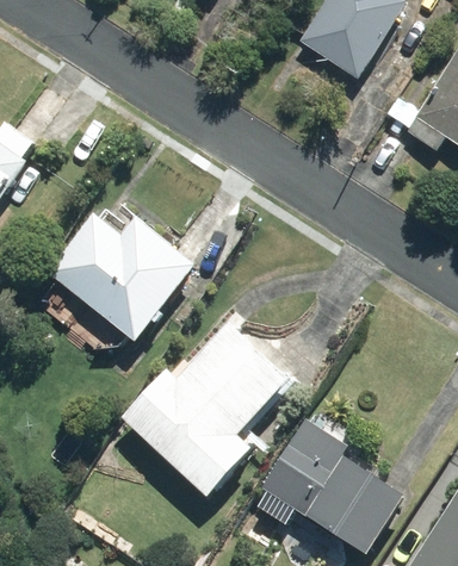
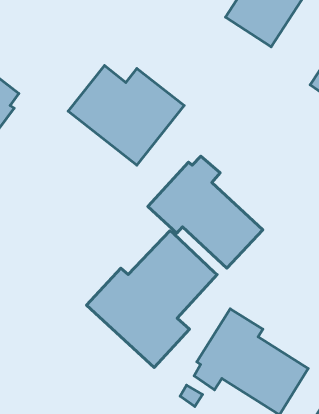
building: [47,213,196,341] -> [68,66,184,165]
building: none -> [148,156,263,268]

